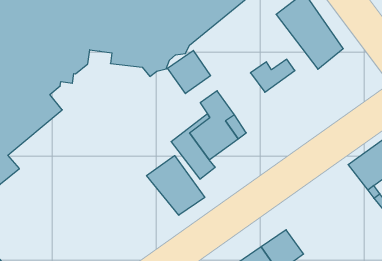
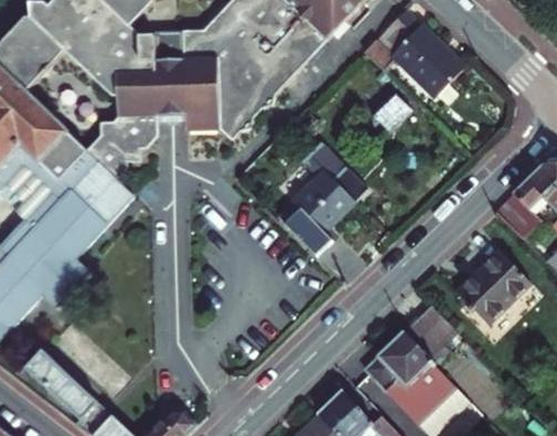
building: [167,50,211,94] -> none
building: [147,156,205,215] -> none
building: none -> [453,249,526,320]

